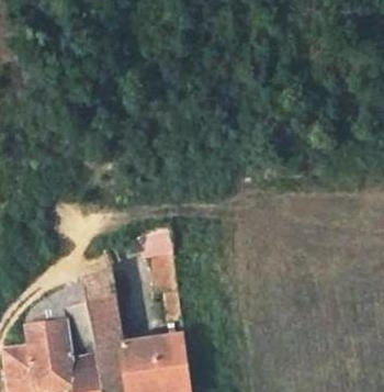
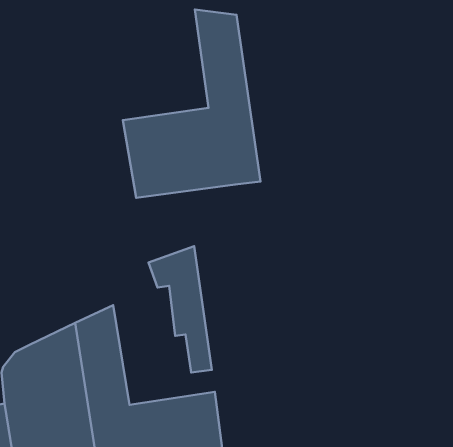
building: none -> [123,9,260,198]

